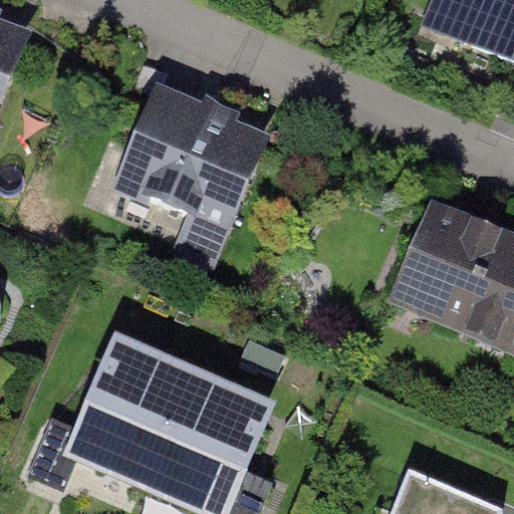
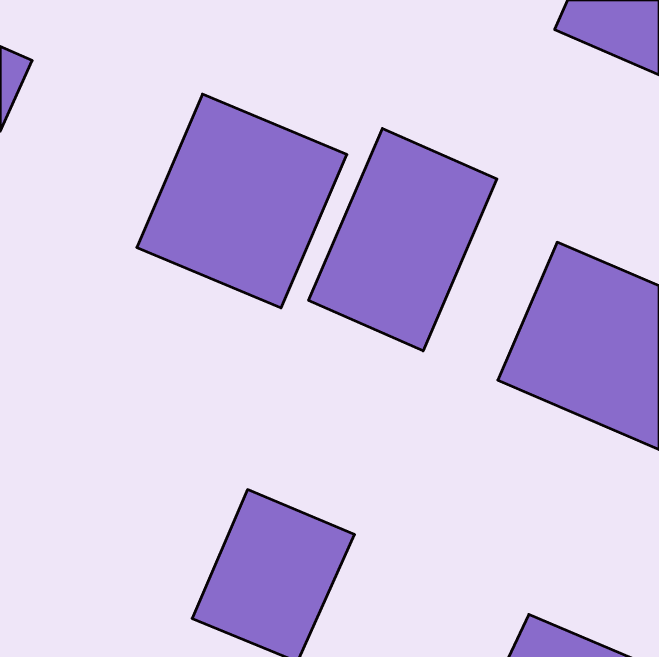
building: none -> [309,128,497,351]
building: [66,347,193,483] -> none

